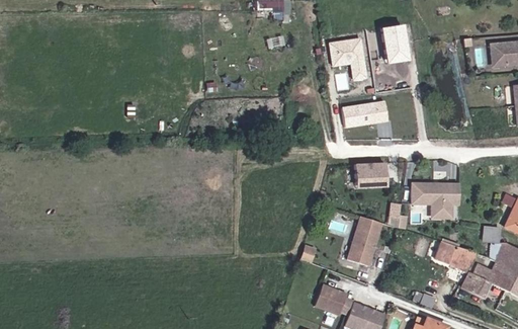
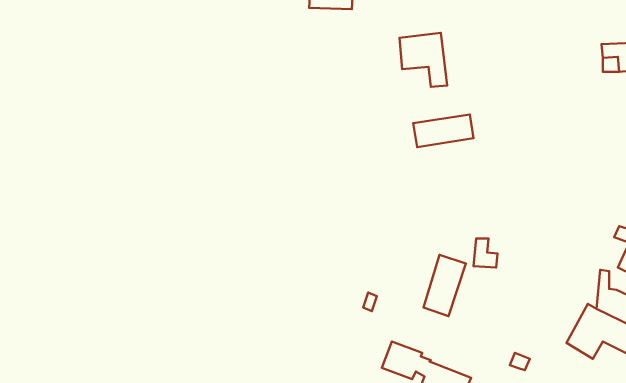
building: [383,24,411,62] -> none
building: [356,162,388,185] -> none
building: [414,182,461,219] -> none
building: [437,241,477,268] -> none

